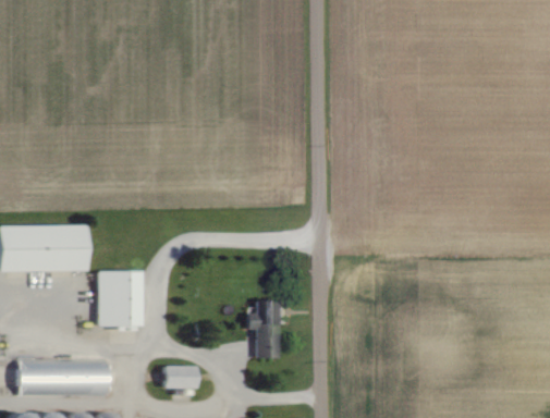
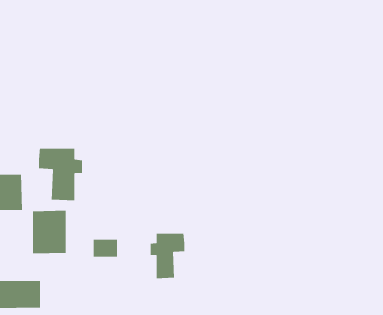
building: none -> [38,148,82,201]
building: [166,365,197,388] -> [93,239,118,257]

